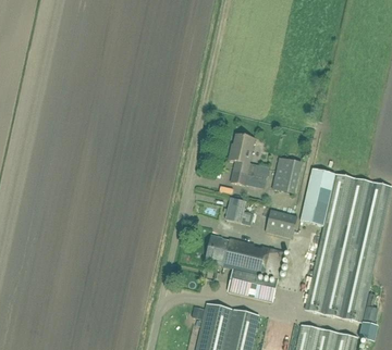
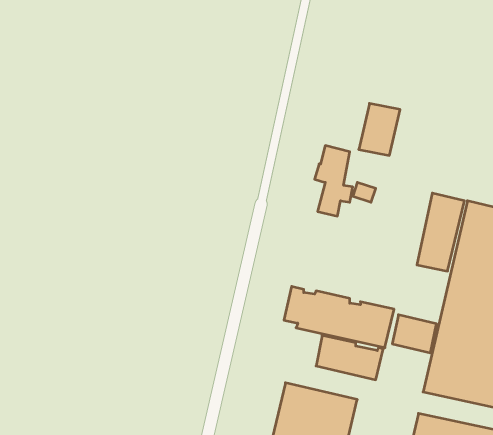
building: [272,158,302,195] -> [359,103,400,155]
building: [224,198,253,225] -> none
building: [265,210,296,237] -> [392,315,437,353]

